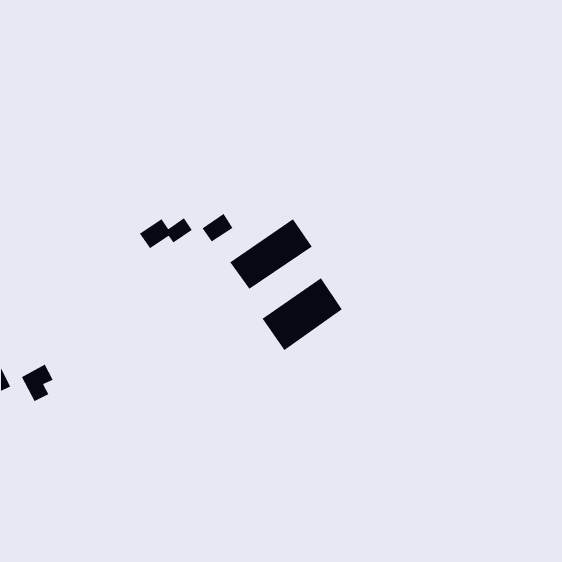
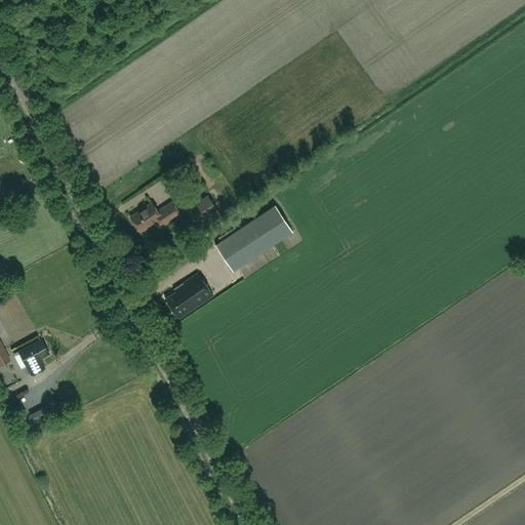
building: [261,277,343,351] -> none
building: none -> [165,275,213,319]

